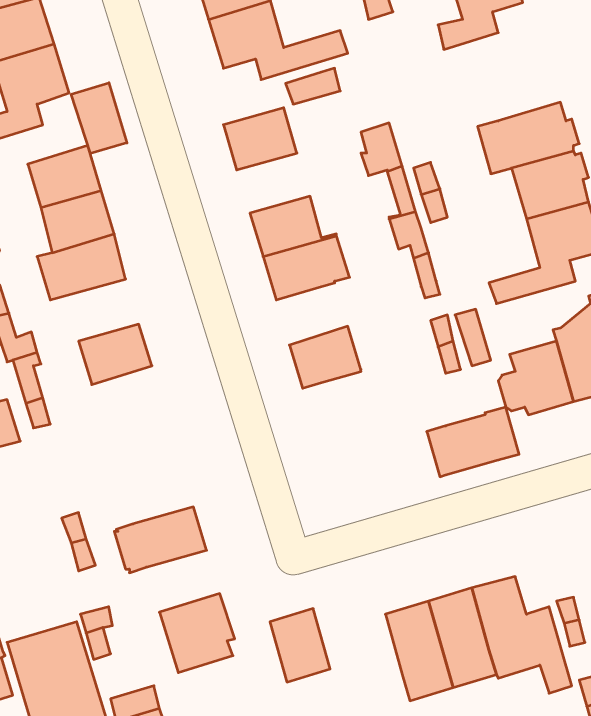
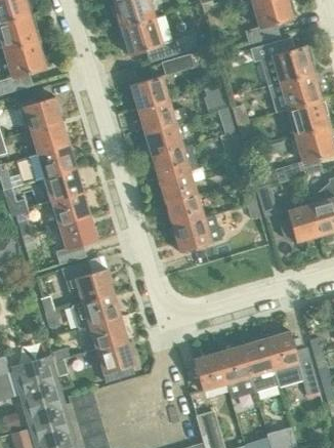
building: none -> [251,38,312,85]
building: [71,83,127,154] -> none
building: none -> [136,99,187,132]
building: none -> [43,168,83,202]
building: none -> [158,170,197,204]
building: none -> [55,215,97,262]
building: [427,407,519,477] -> [172,214,222,252]
building: none -> [60,260,113,301]
building: none -> [87,316,127,350]
building: [270,609,330,682] -> [194,351,226,391]

